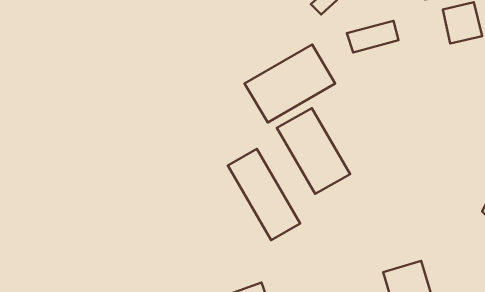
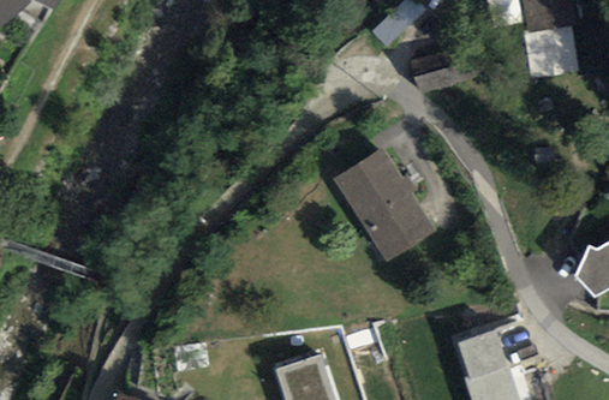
building: [245,45,335,122] -> none
building: [228,149,300,240] -> none

